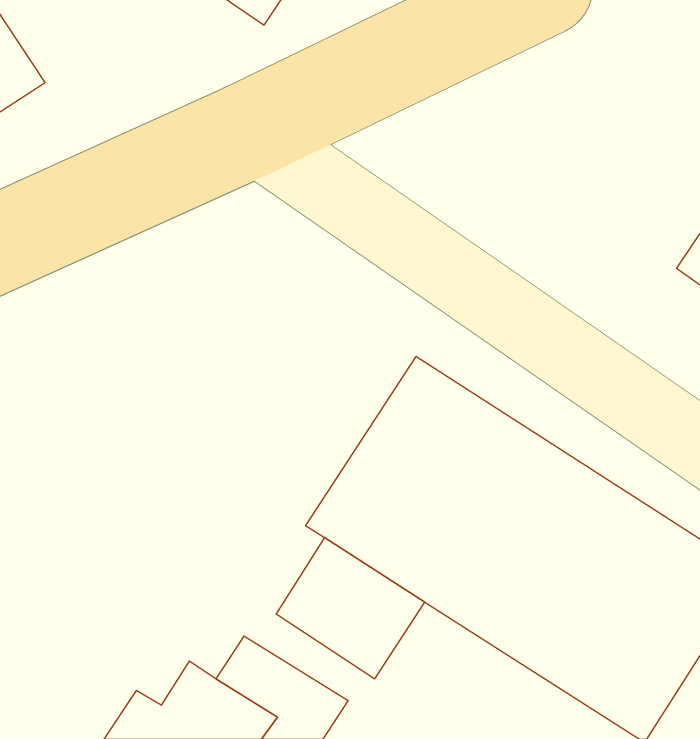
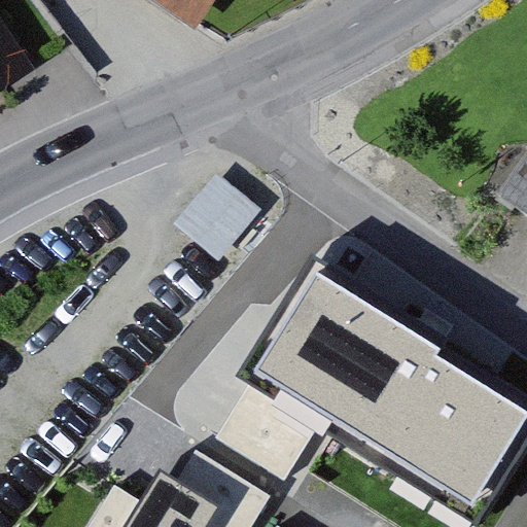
building: none -> [185,172,267,255]

